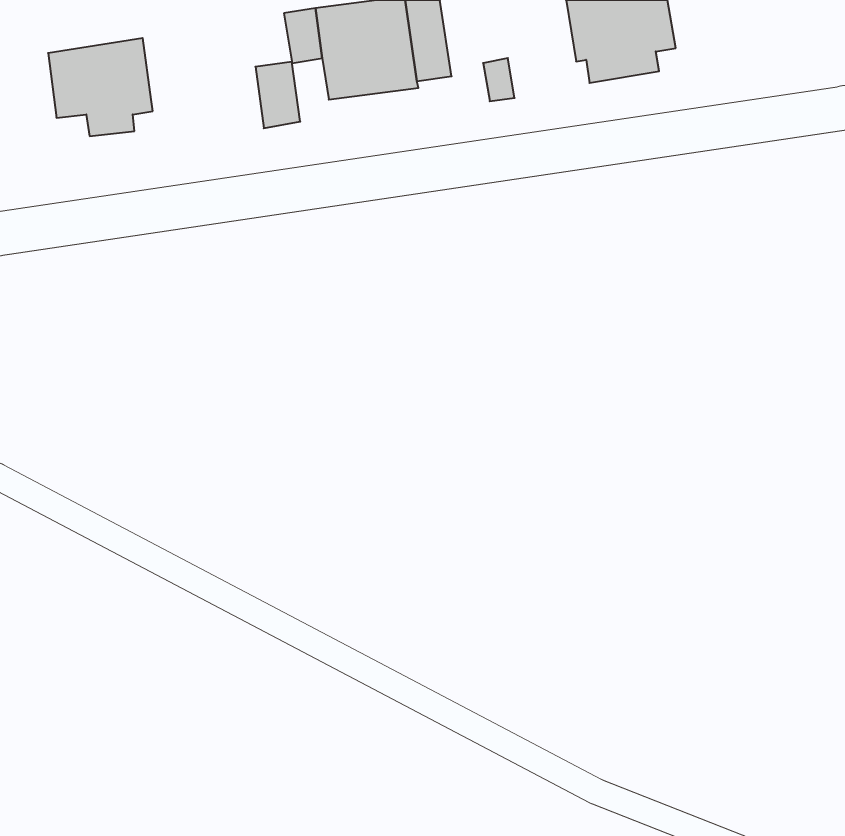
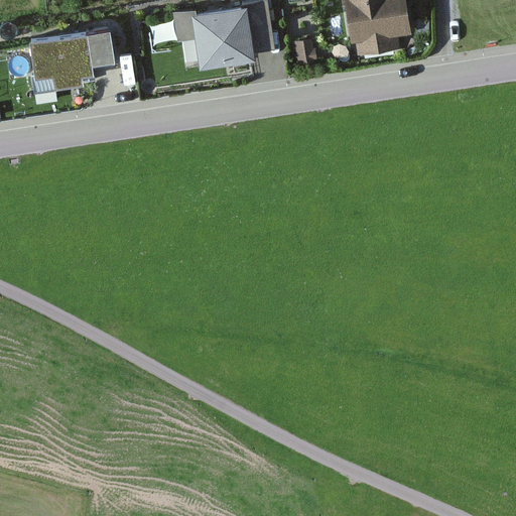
building: [255,62,300,128] -> [87,27,114,68]

